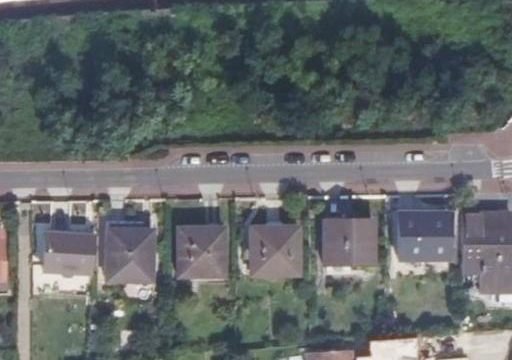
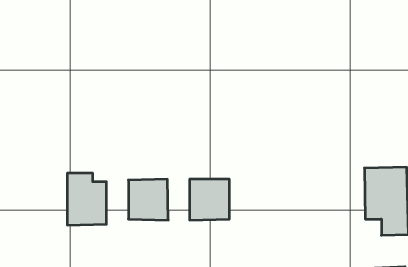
building: [397,215,448,260] -> none
building: [325,219,374,265] -> none
building: [47,234,95,272] -> none

